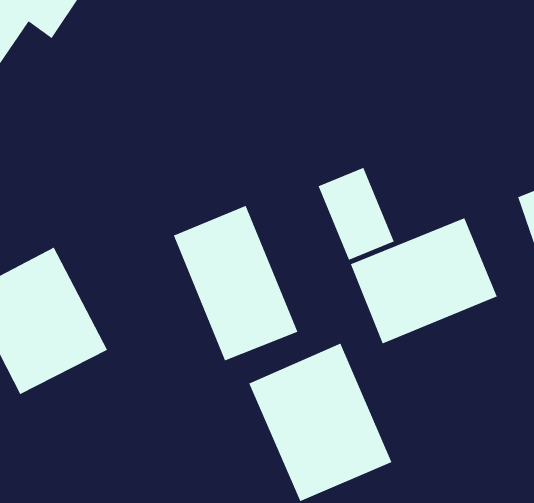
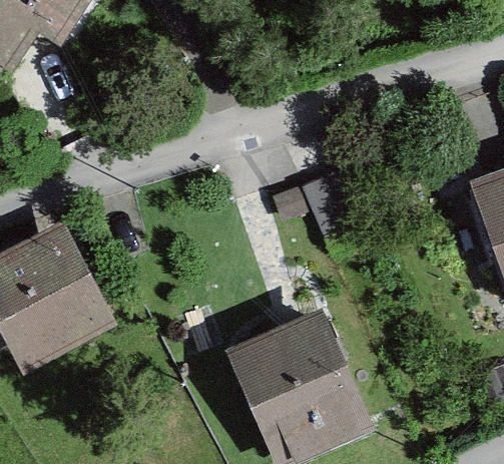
building: [173,205,298,362] -> none
building: [350,217,498,344] -> none

